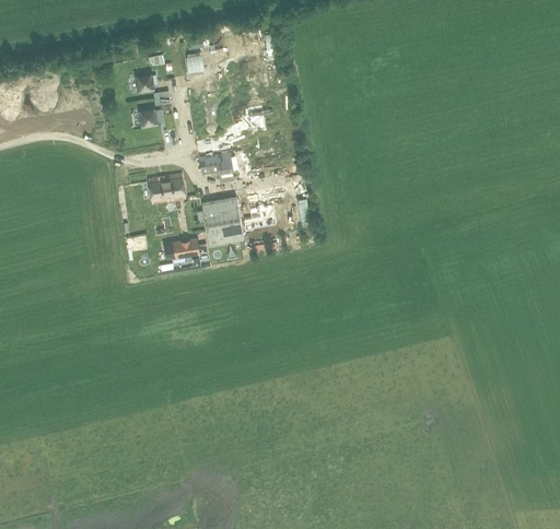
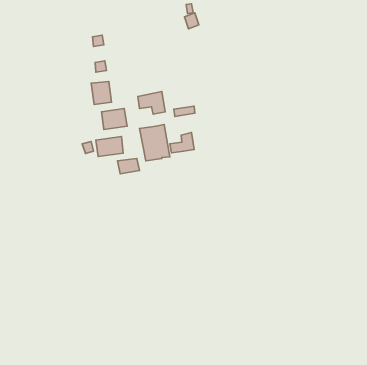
building: none -> [91,82,111,105]
building: none -> [96,136,123,156]

